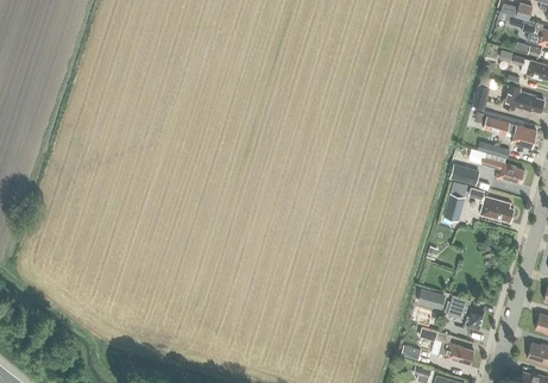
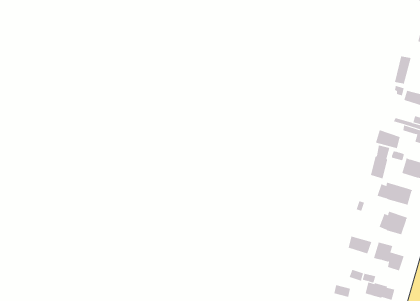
building: none -> [377,182,413,206]
building: none -> [379,211,408,235]

